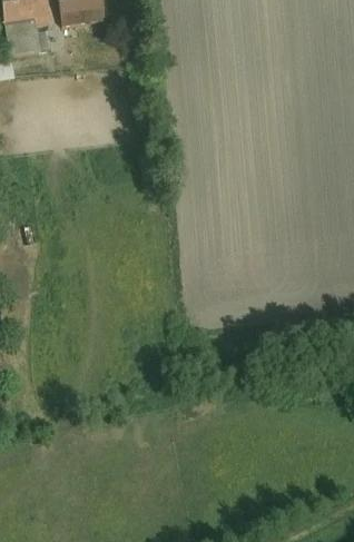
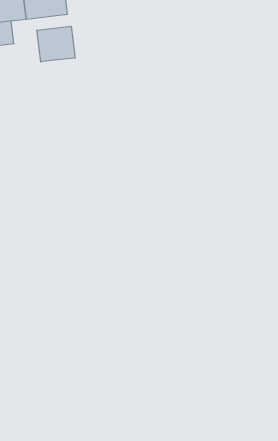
building: none -> [37,26,75,62]

